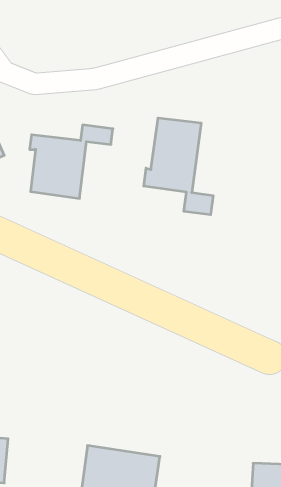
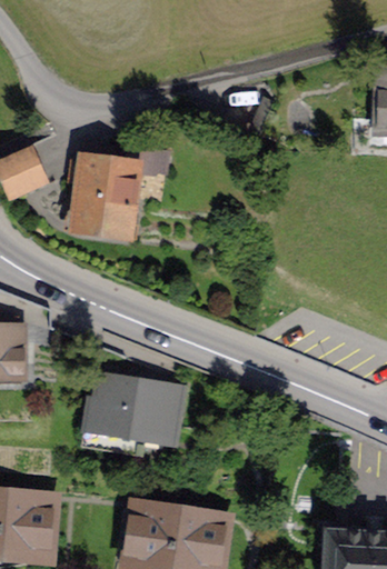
building: [144,118,213,215] -> none
building: none -> [85,379,180,445]

